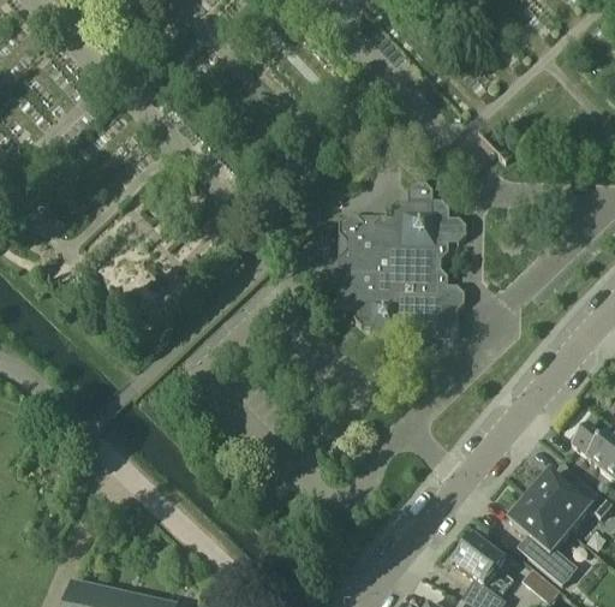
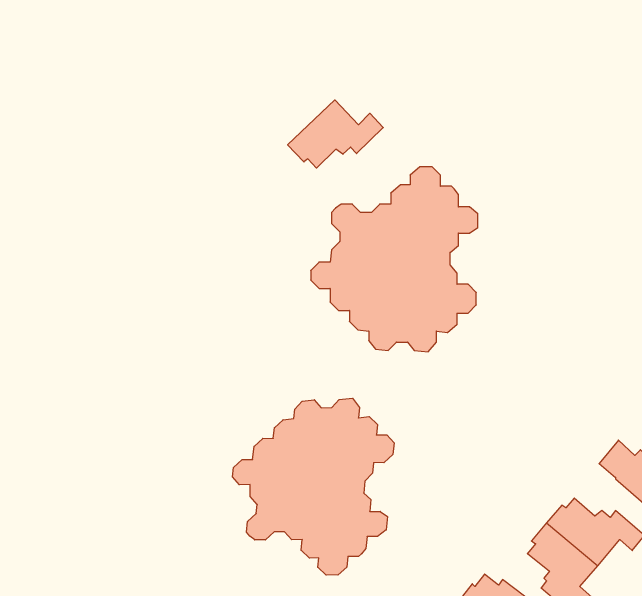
building: none -> [288,100,383,168]
building: none -> [232,398,394,575]

